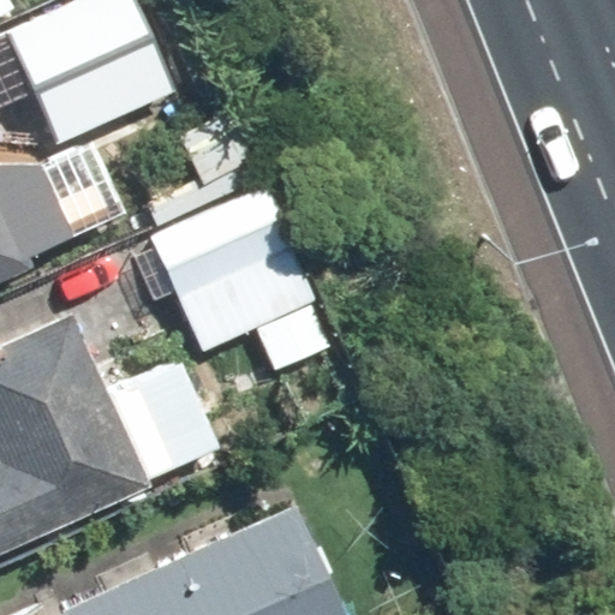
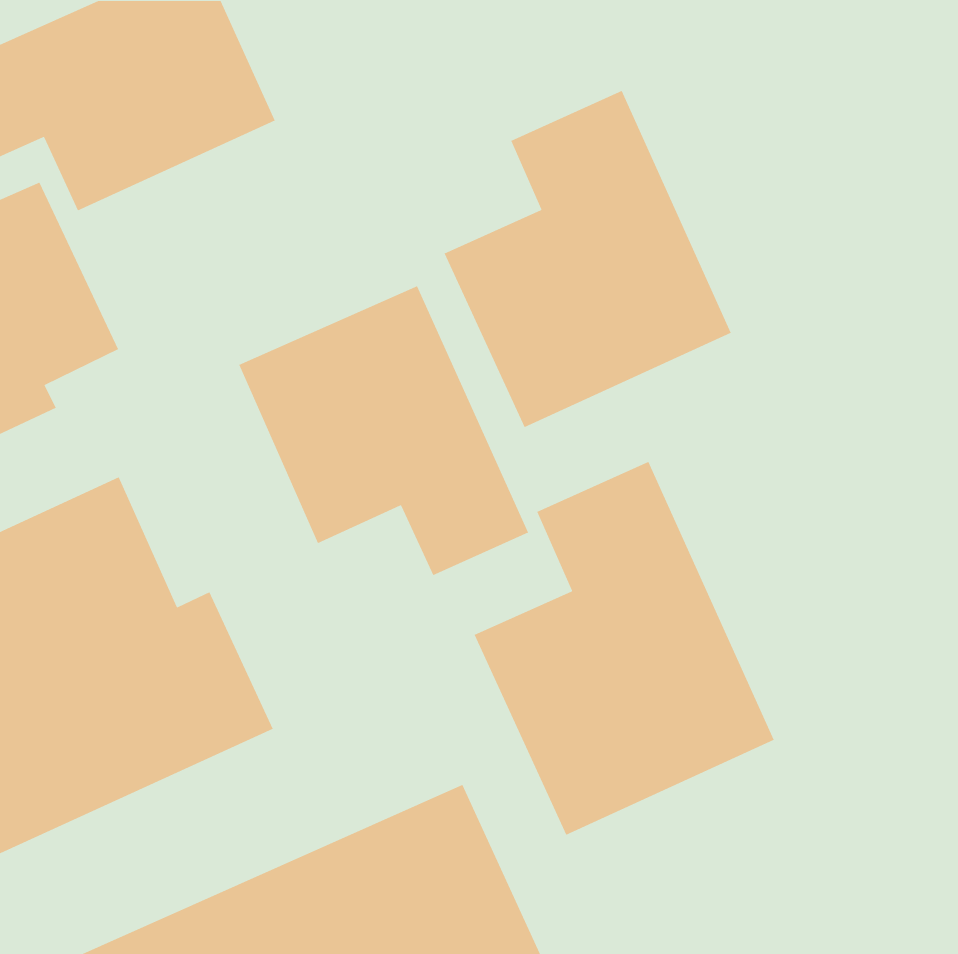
building: none -> [443,90,732,428]
building: none -> [473,461,775,836]

